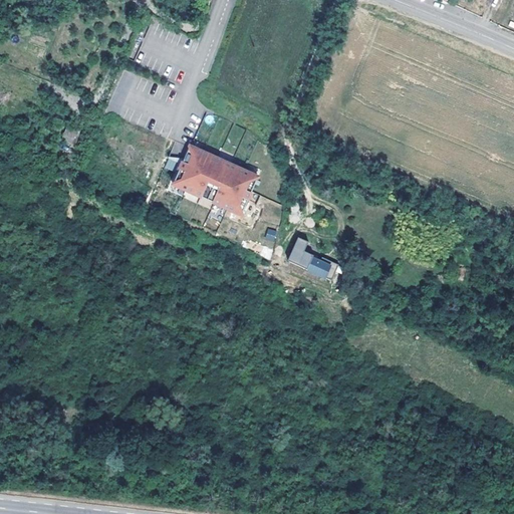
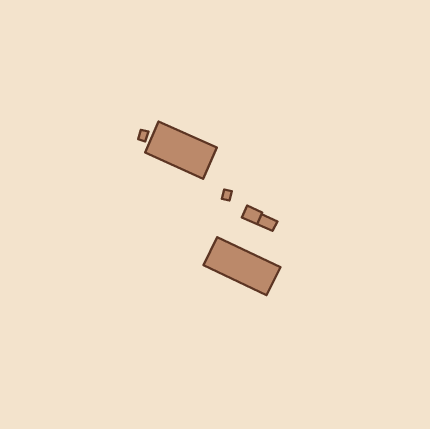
building: none -> [203,237,280,295]

